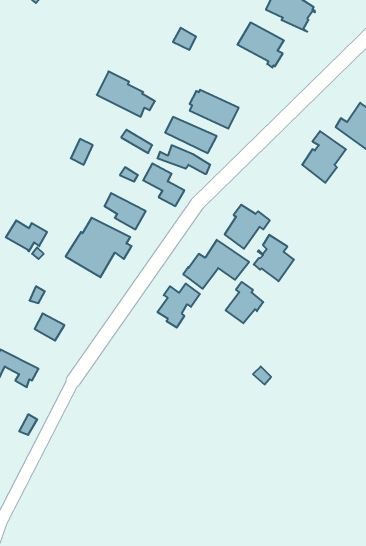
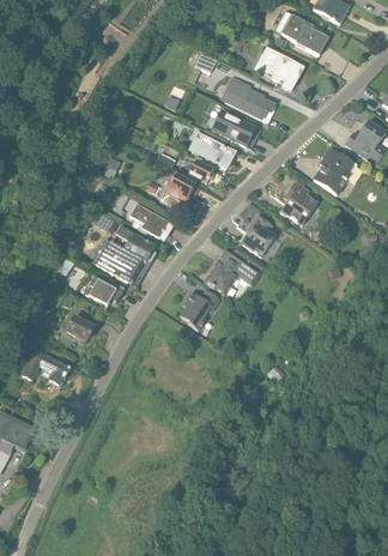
building: [97,71,155,117] -> [220,75,274,117]
building: [6,220,47,251] -> [85,277,123,306]
building: [254,235,294,281] -> [280,180,317,223]
building: [226,282,263,323] -> none

